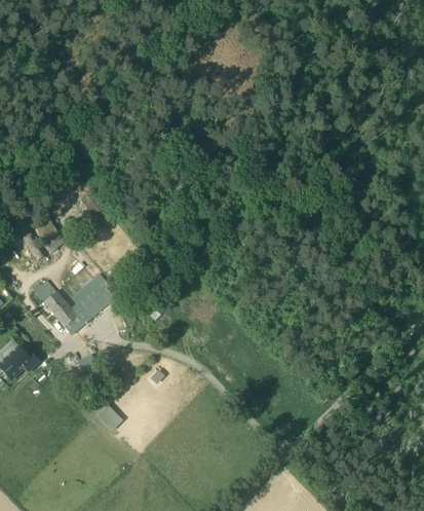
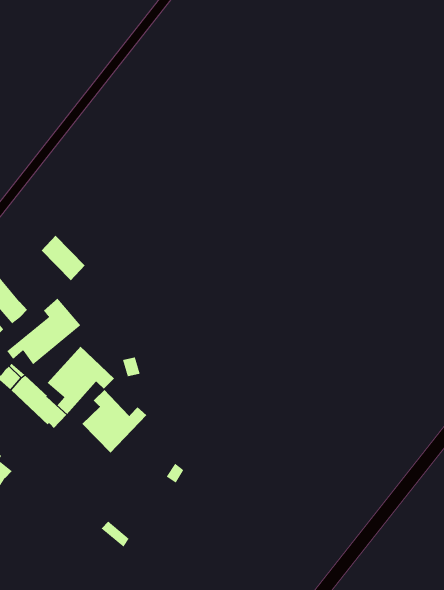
building: none -> [6,298,81,365]
building: none -> [81,389,147,454]

